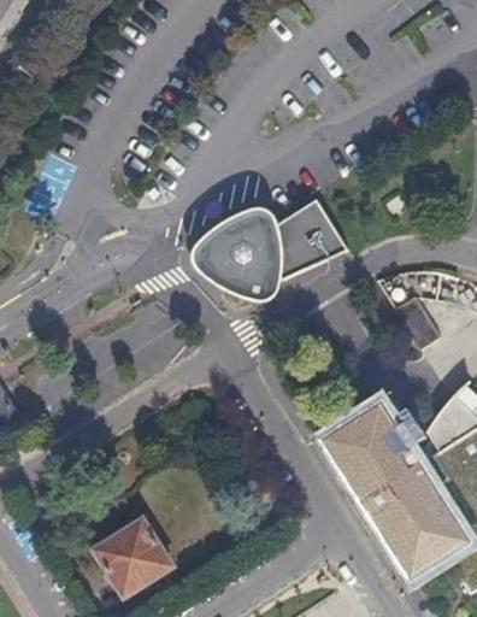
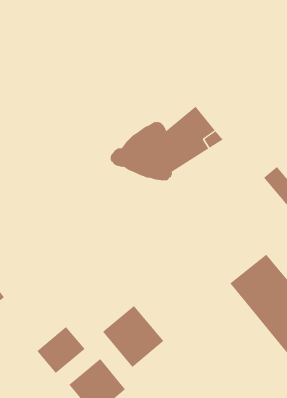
building: none -> [102,305,164,368]
building: none -> [36,326,86,374]

